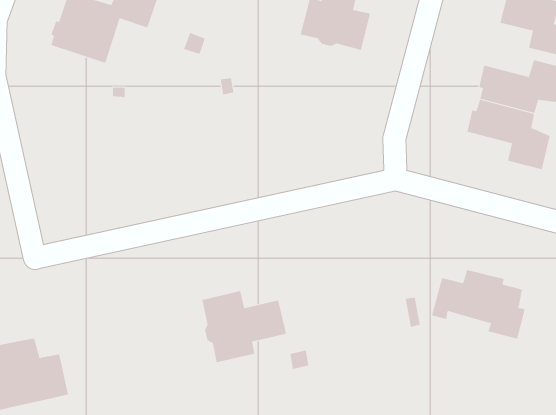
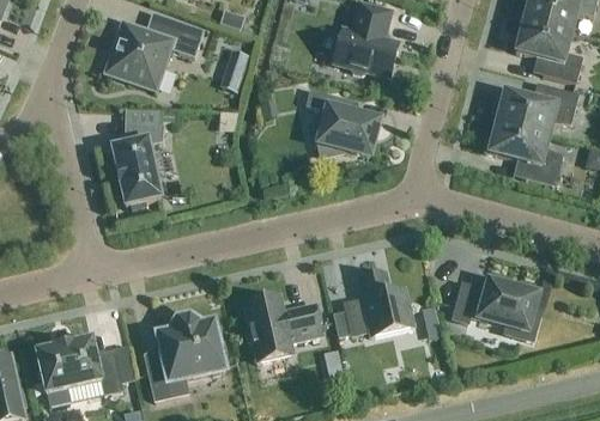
building: none -> [304,87,378,154]
building: none -> [111,122,163,208]
building: none -> [344,270,412,334]
building: none -> [145,316,223,399]

